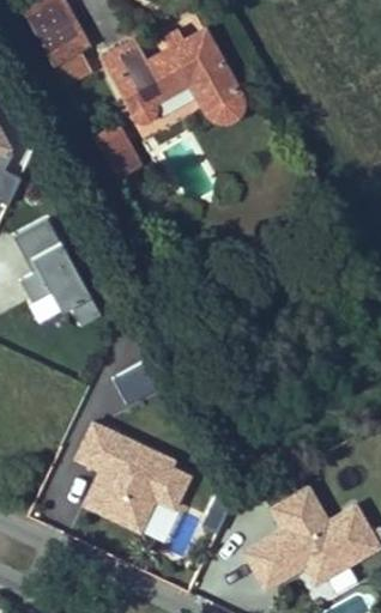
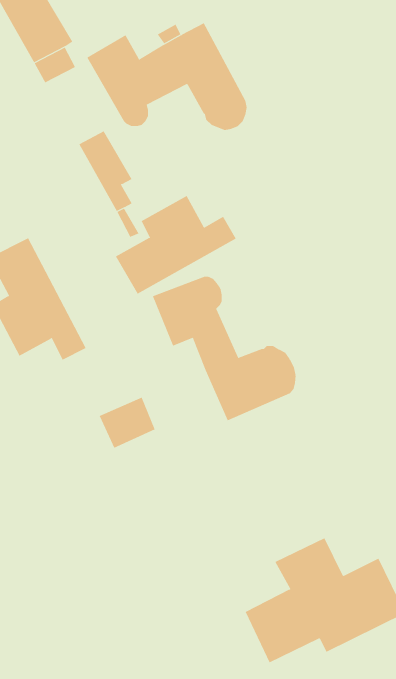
building: none -> [115,195,237,294]
building: none -> [152,276,296,421]
building: [73,420,198,542] -> none

